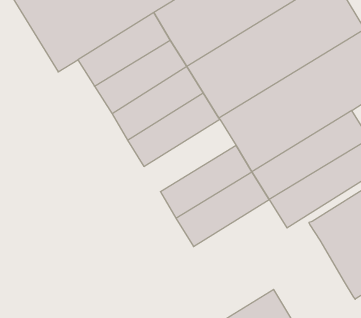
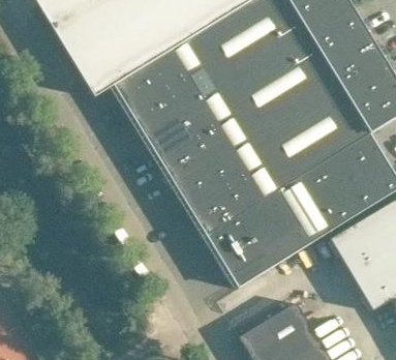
building: none -> [176,142,263,210]
building: none -> [222,217,310,289]

